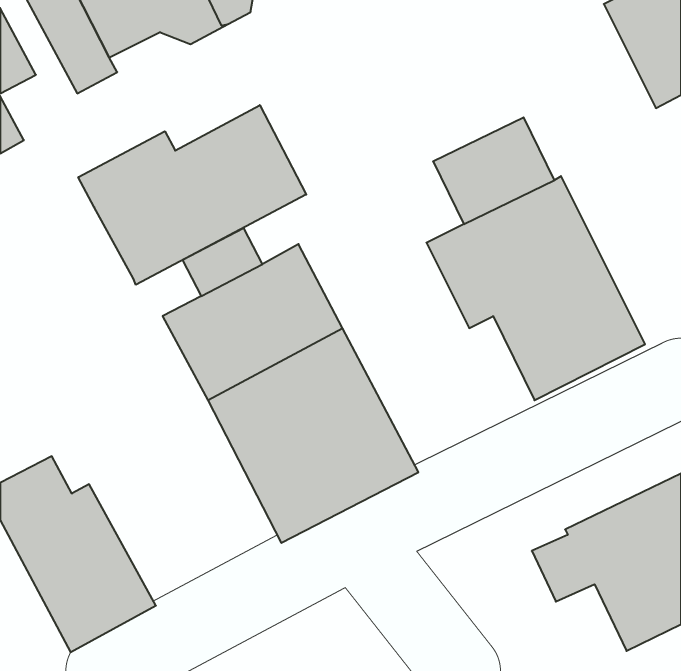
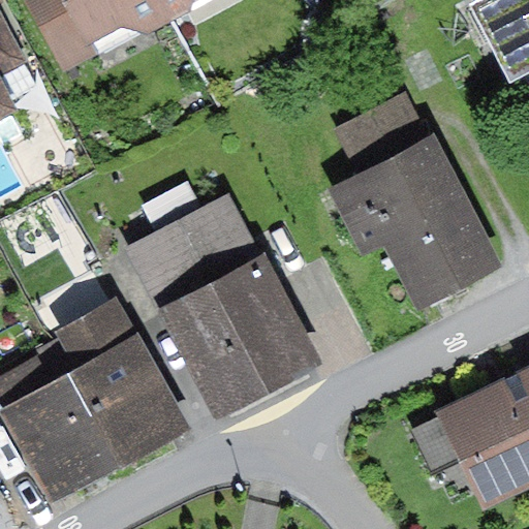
building: [78,105,306,285] -> none
building: none -> [56,299,190,469]

